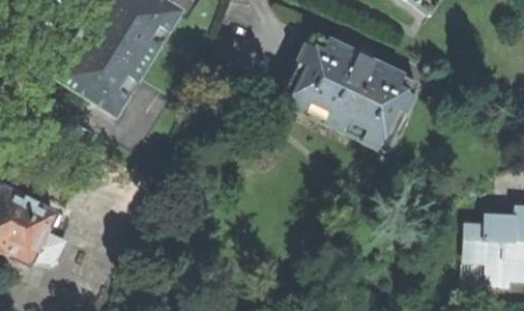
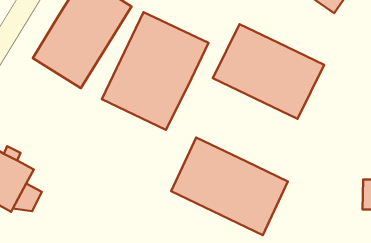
building: none -> [102,12,208,130]
building: none -> [171,138,288,235]

